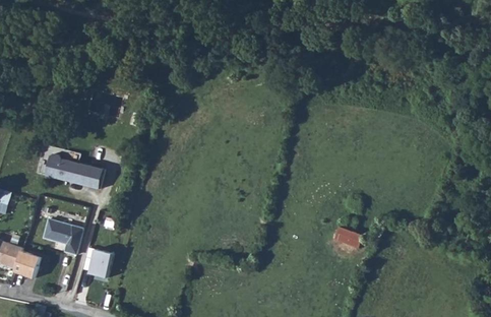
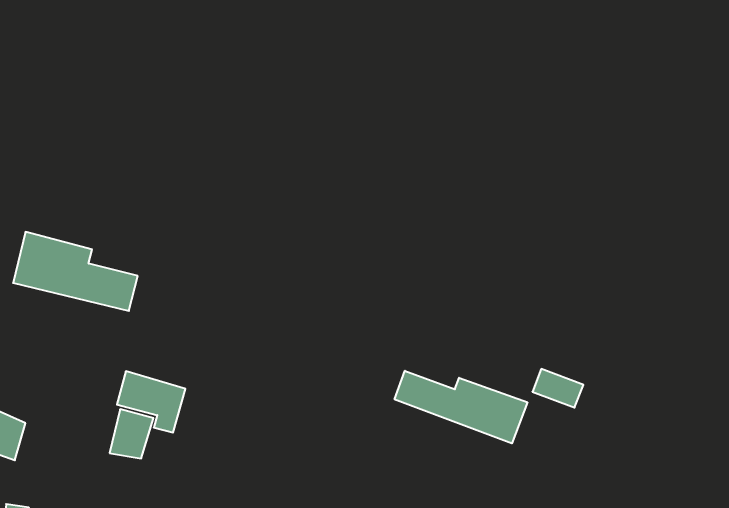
building: [42,218,81,254] -> [117,371,185,433]
building: none -> [395,371,527,443]

